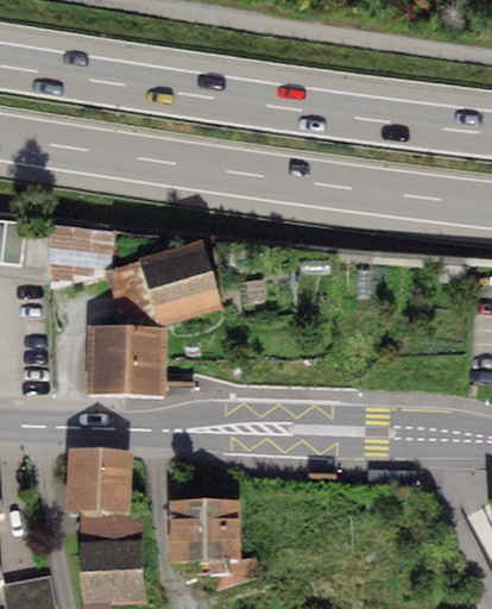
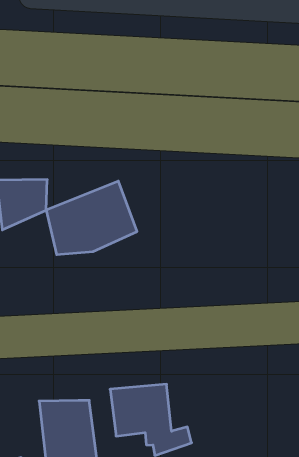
building: [87,326,163,393] -> none
building: [67,447,132,511] -> none

